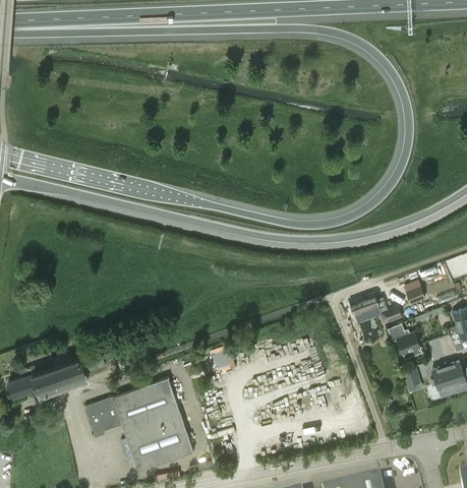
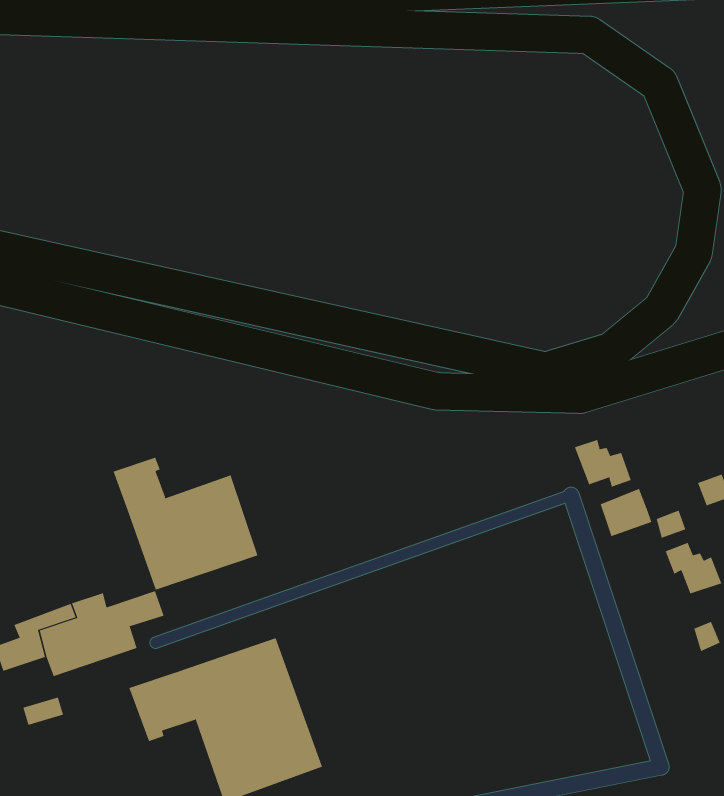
building: none -> [574,439,631,487]
building: none -> [113,457,258,591]

